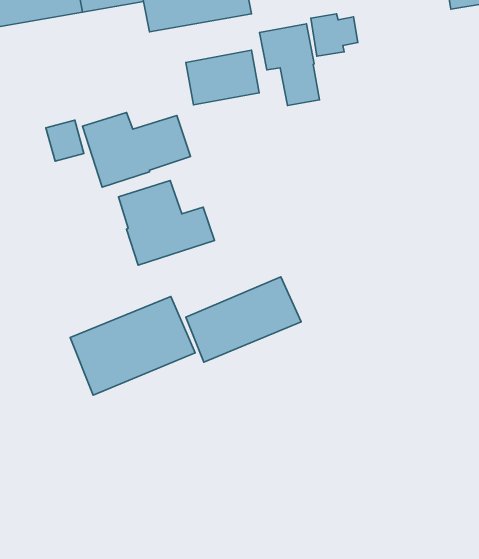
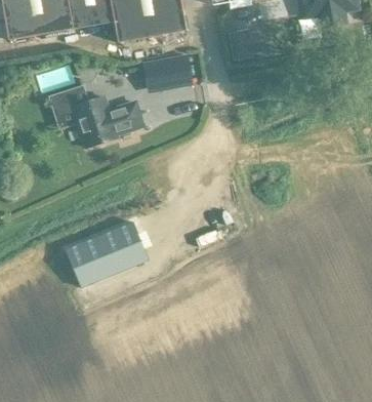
building: [259,24,319,105] -> none
building: [118,180,215,265] -> none
building: [186,277,301,362] -> none

